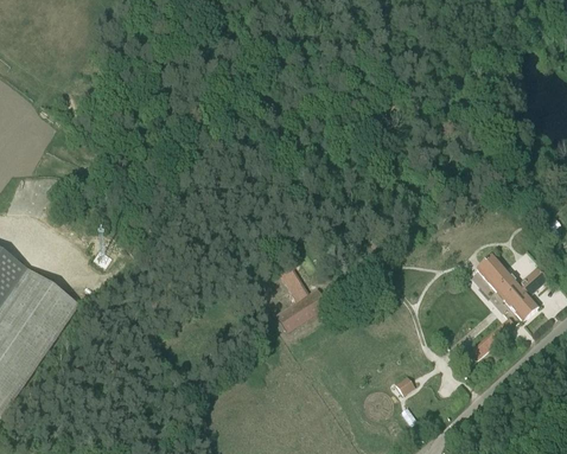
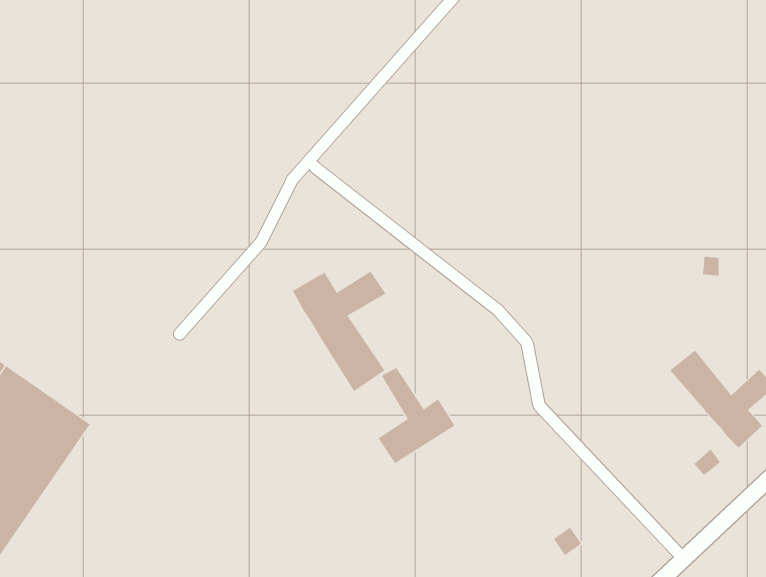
building: none -> [292,271,387,392]

